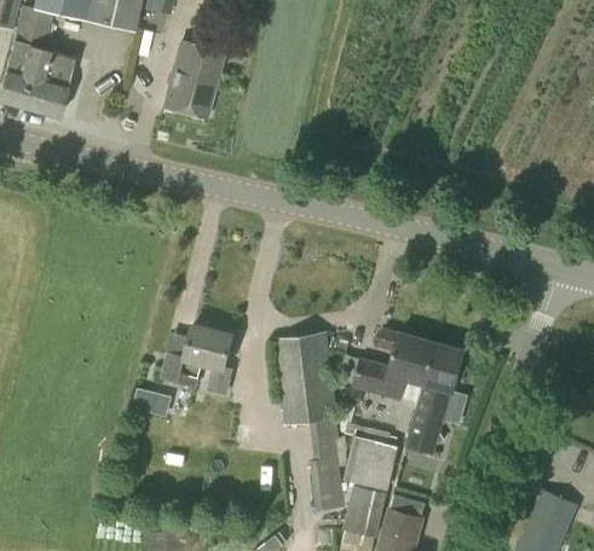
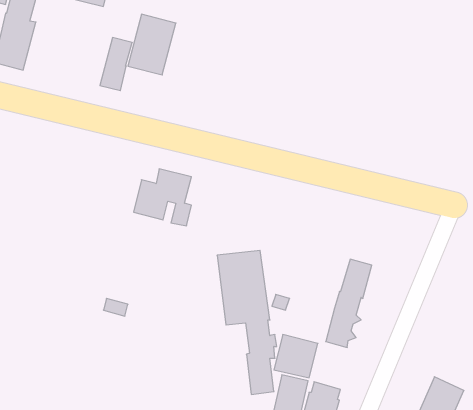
building: [34,51,74,116] -> [100,38,132,91]
building: [161,324,232,394] -> [134,169,191,226]
building: [338,327,438,404] -> none

